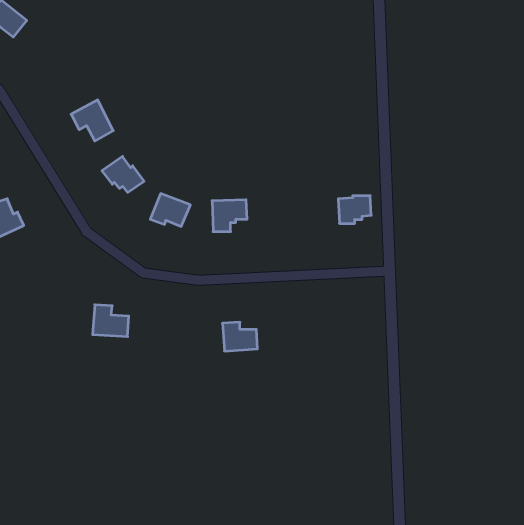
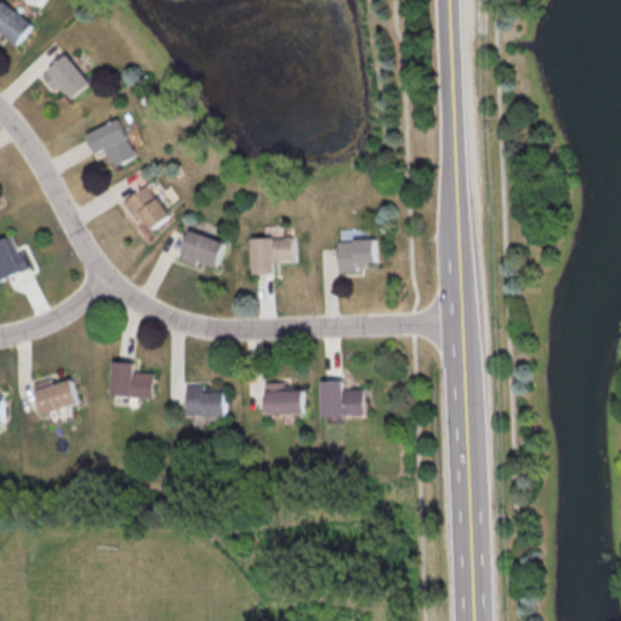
building: none -> [39,53,90,98]
building: [338,196,371,223] -> [336,239,375,272]
building: none -> [32,377,76,415]
building: none -> [319,380,363,416]
building: none -> [184,384,224,416]

